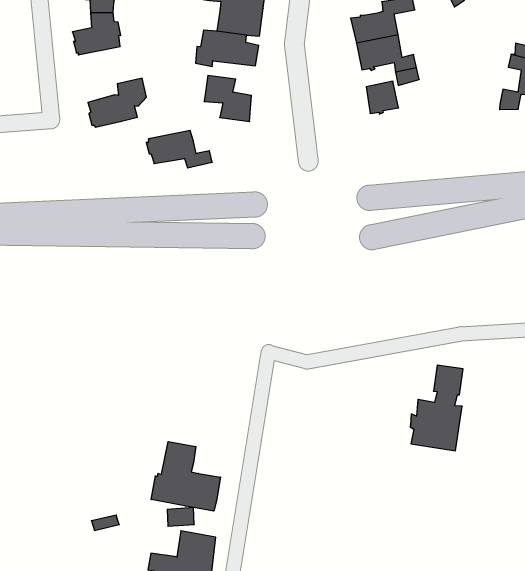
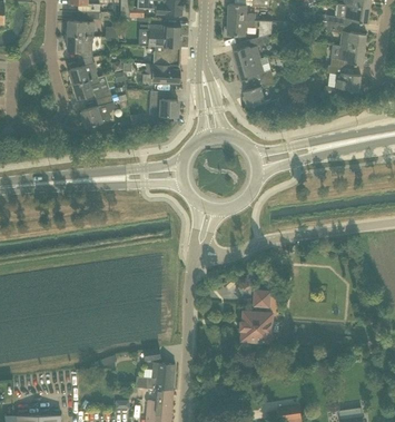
building: [146,131,212,168] -> [70,77,110,99]
building: [410,365,463,451] -> [240,291,270,341]
building: [151,442,221,511] -> none

